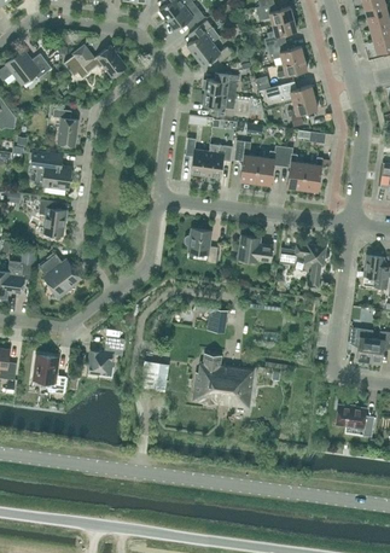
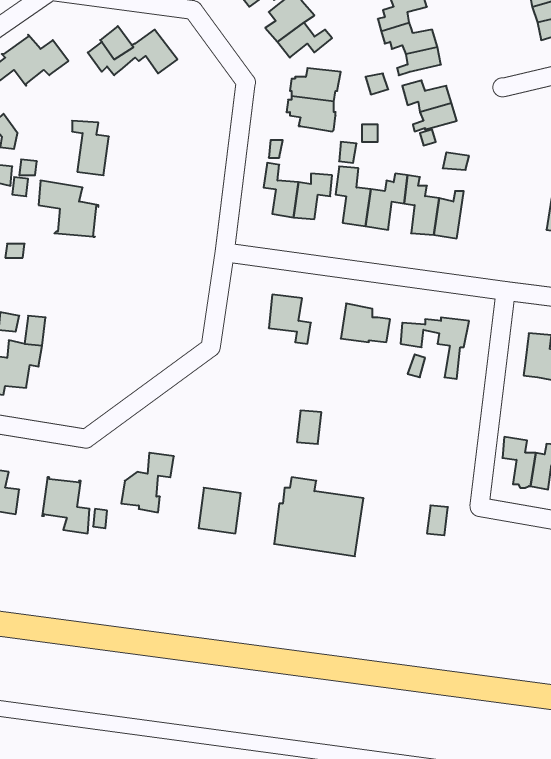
building: [39,199,66,237] -> none
building: [39,254,81,299] -> none
building: [334,403,374,436] -> none

